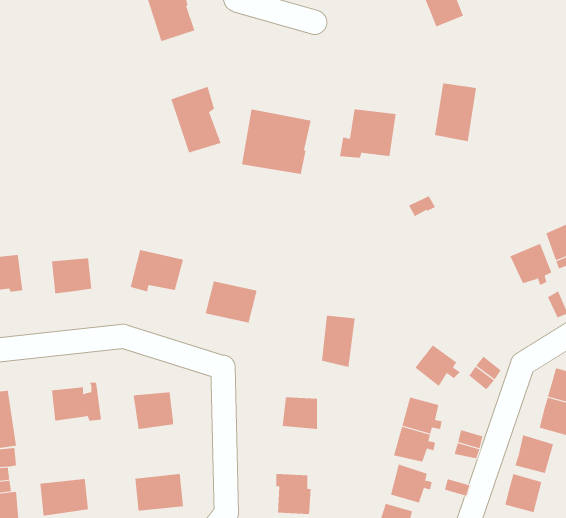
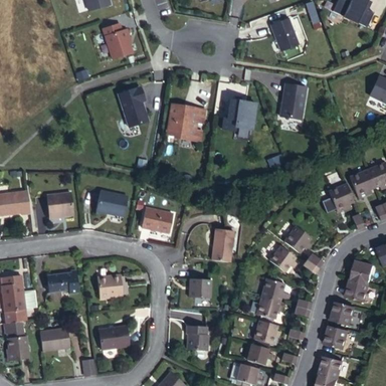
building: none -> [283,225,313,252]

